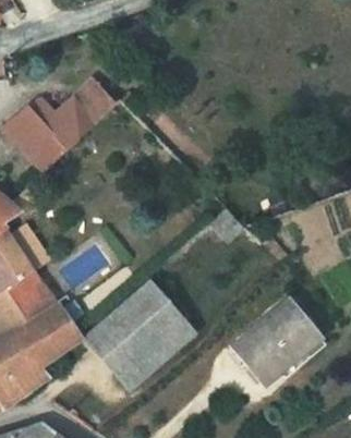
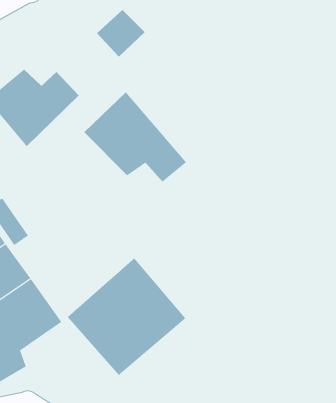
building: [74,80,121,125] -> [96,9,145,57]
building: none -> [84,92,187,182]
building: [239,308,322,390] -> none

